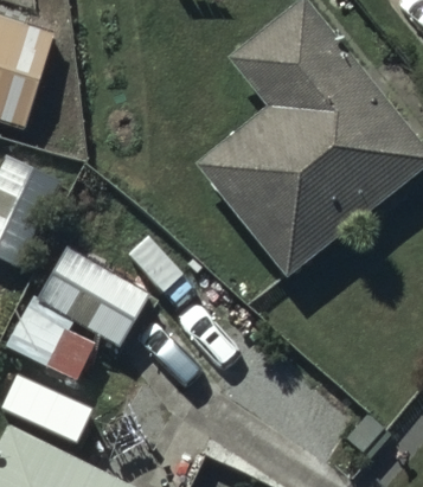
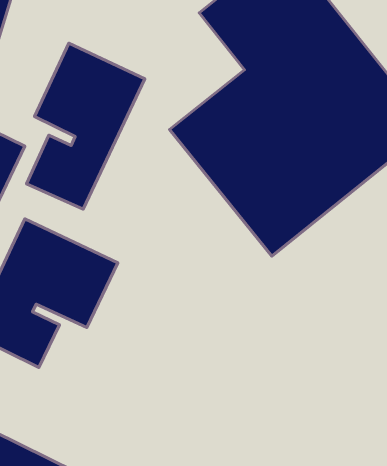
building: none -> [26,43,145,209]

